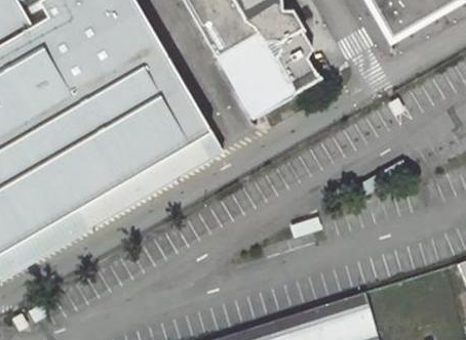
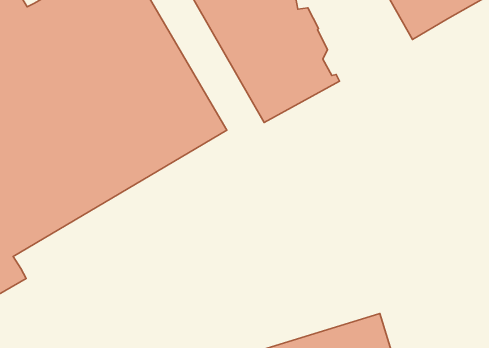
building: [13,125,227,264] -> none

